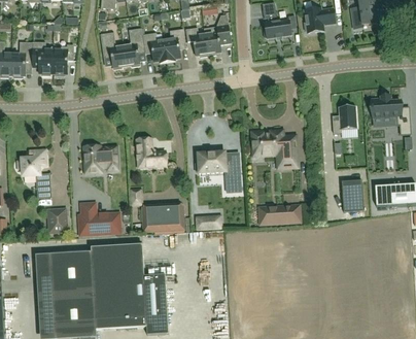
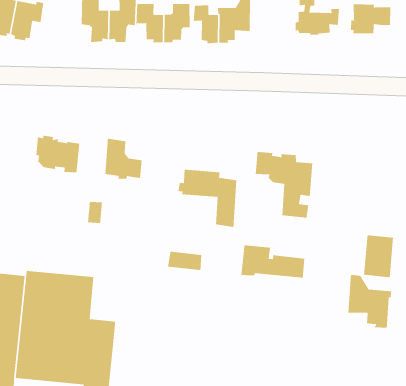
building: [332,105,356,133] -> none
building: [141,204,184,231] -> none
building: [78,205,120,234] -> none
building: none -> [348,274,392,328]

